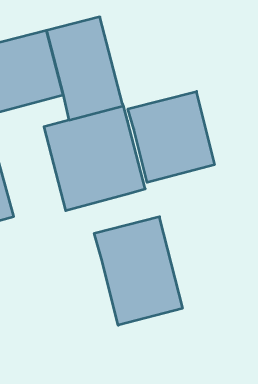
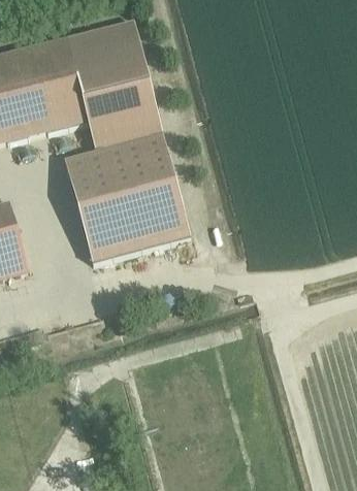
building: [128,91,214,182] -> none
building: [94,217,182,325] -> none

